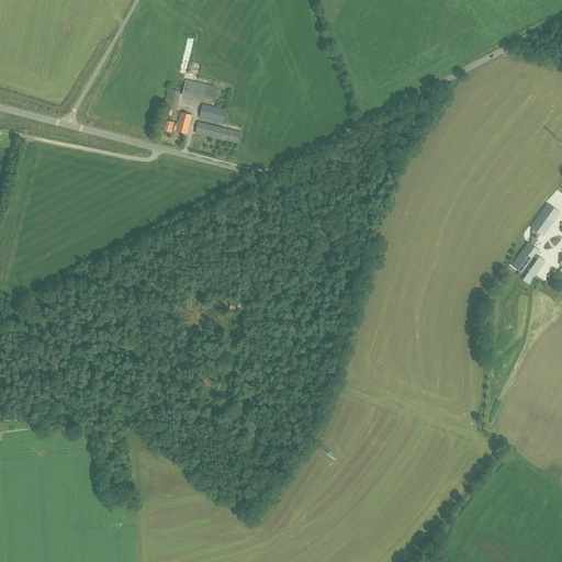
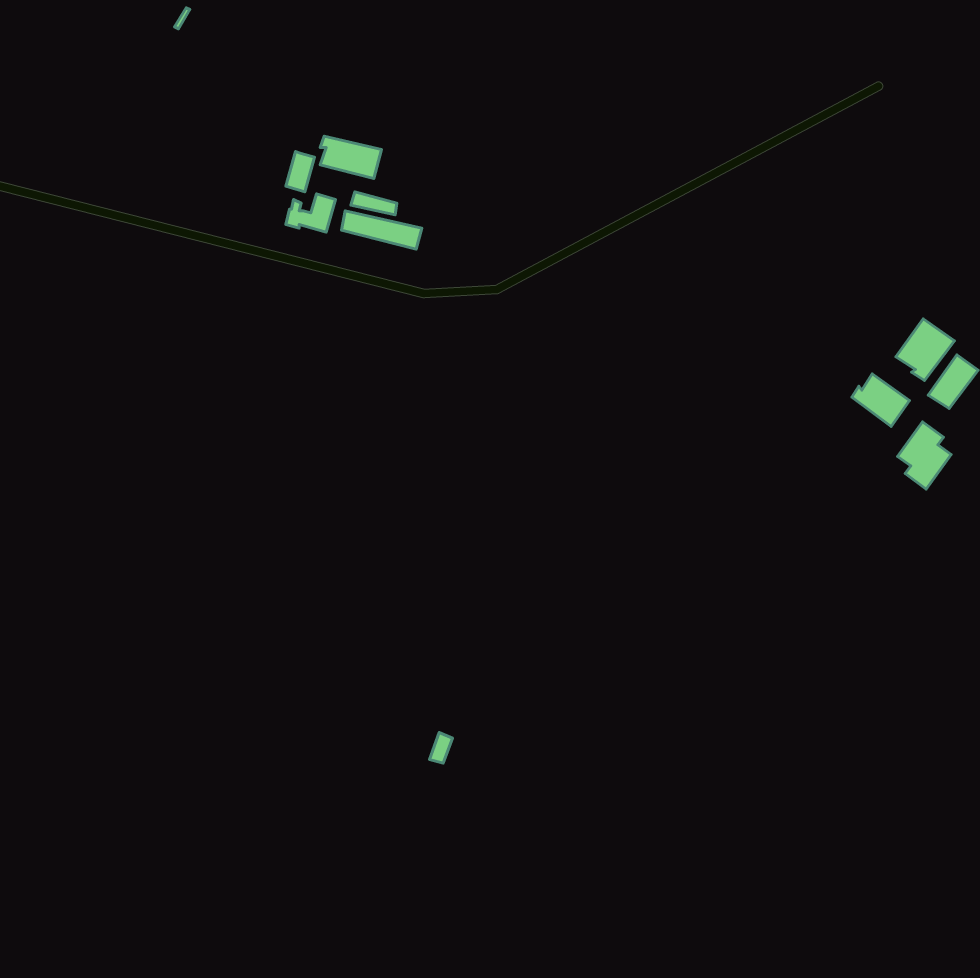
building: none -> [896,319,955,381]
building: none -> [852,374,909,427]

